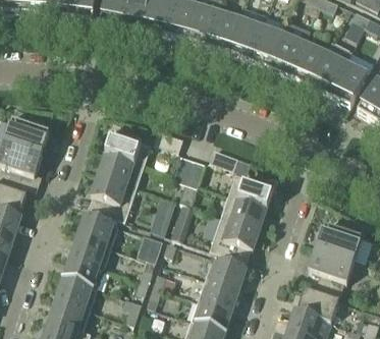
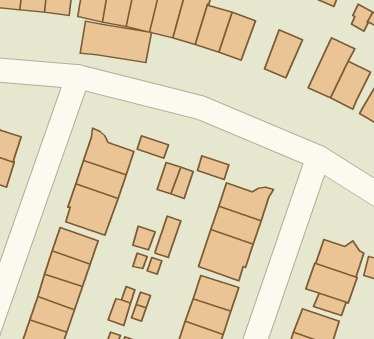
building: [249,25,283,69] -> none
building: none -> [80,21,152,63]
building: [289,43,326,87] -> none

